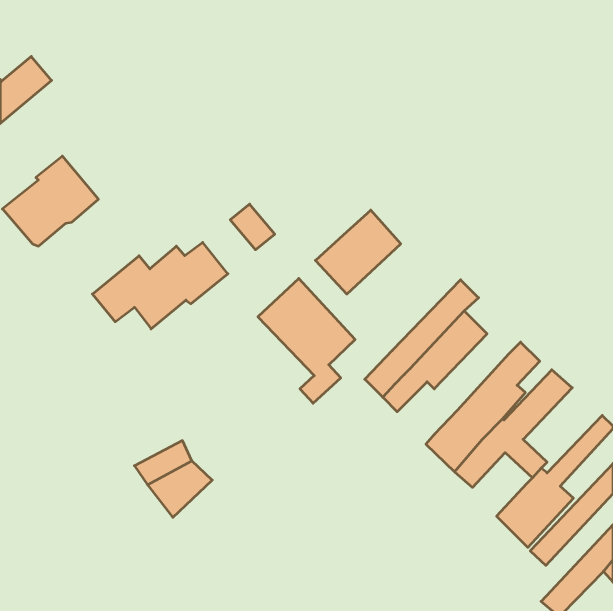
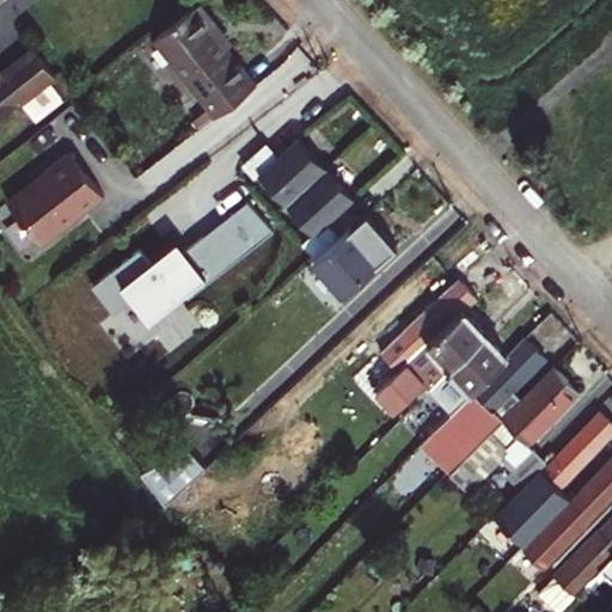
building: none -> [151,8,265,120]
building: none -> [202,221,255,275]
building: [258,278,355,403] -> [259,137,356,262]
building: none -> [421,335,507,435]

